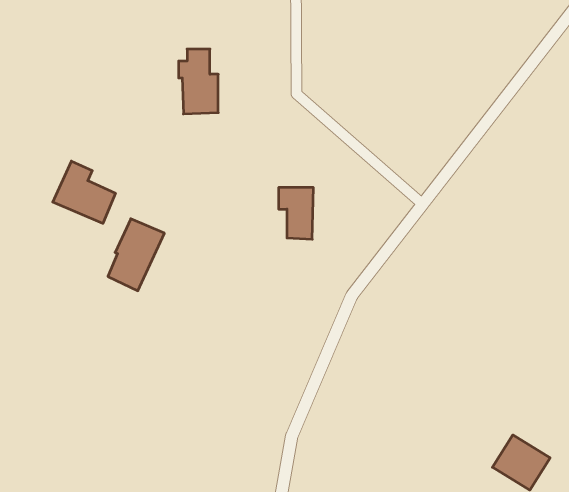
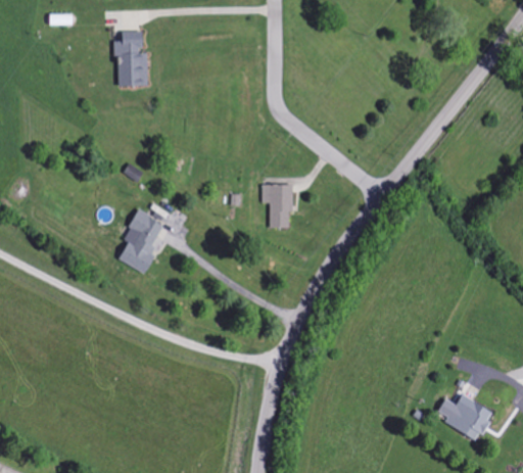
building: [179,49,218,114] -> [113,31,147,86]
building: [53,161,115,223] -> none

